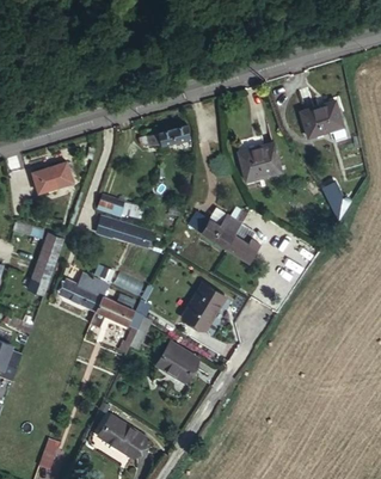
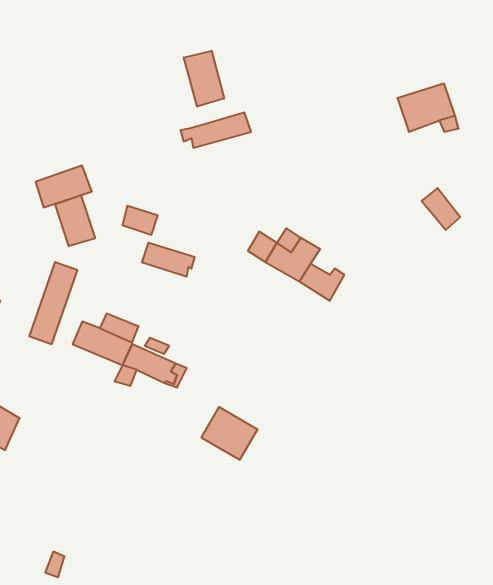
building: none -> [184,51,224,107]
building: [246,142,287,179] -> none
building: none -> [55,195,95,246]
building: [185,282,226,328] -> none
building: [99,416,147,457] -> none

